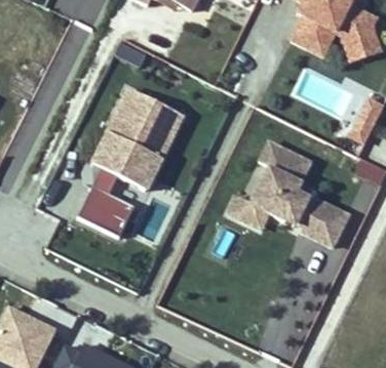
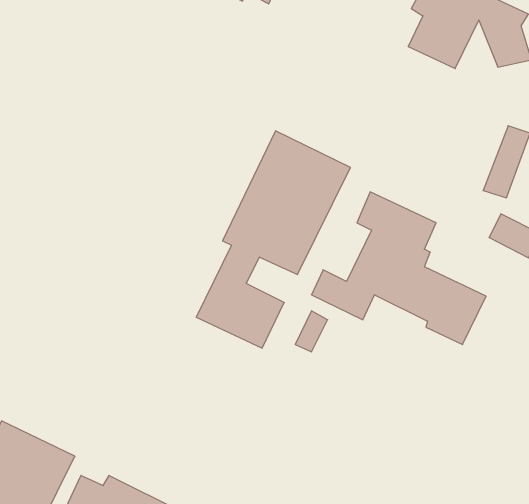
building: [75,90,183,242] -> [196,131,350,348]

